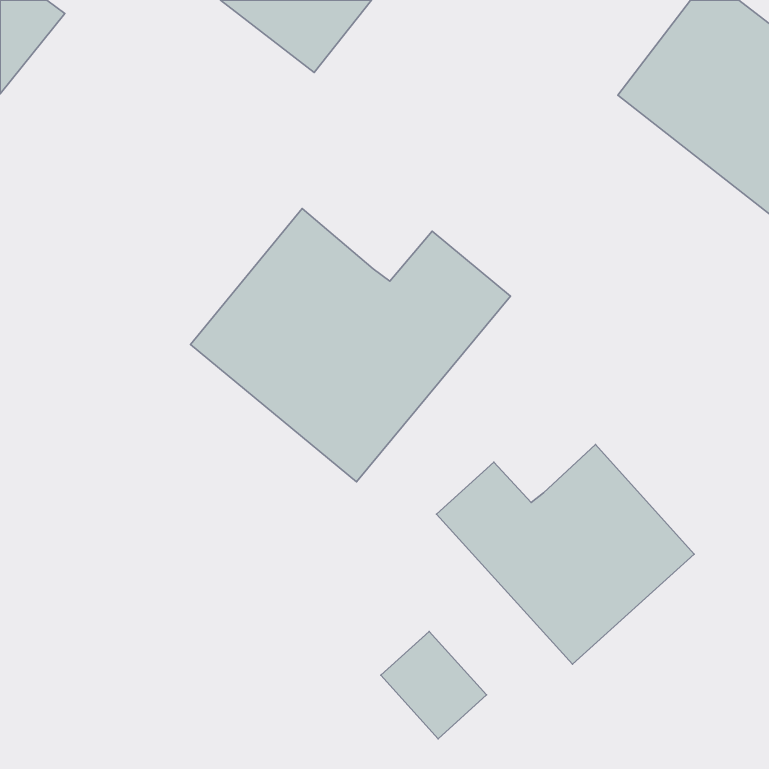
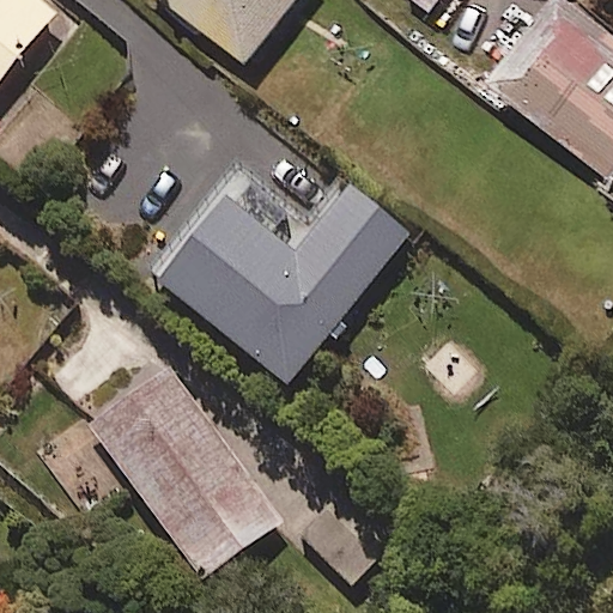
building: [436,445,694,664] -> none
building: none -> [54,366,281,581]

